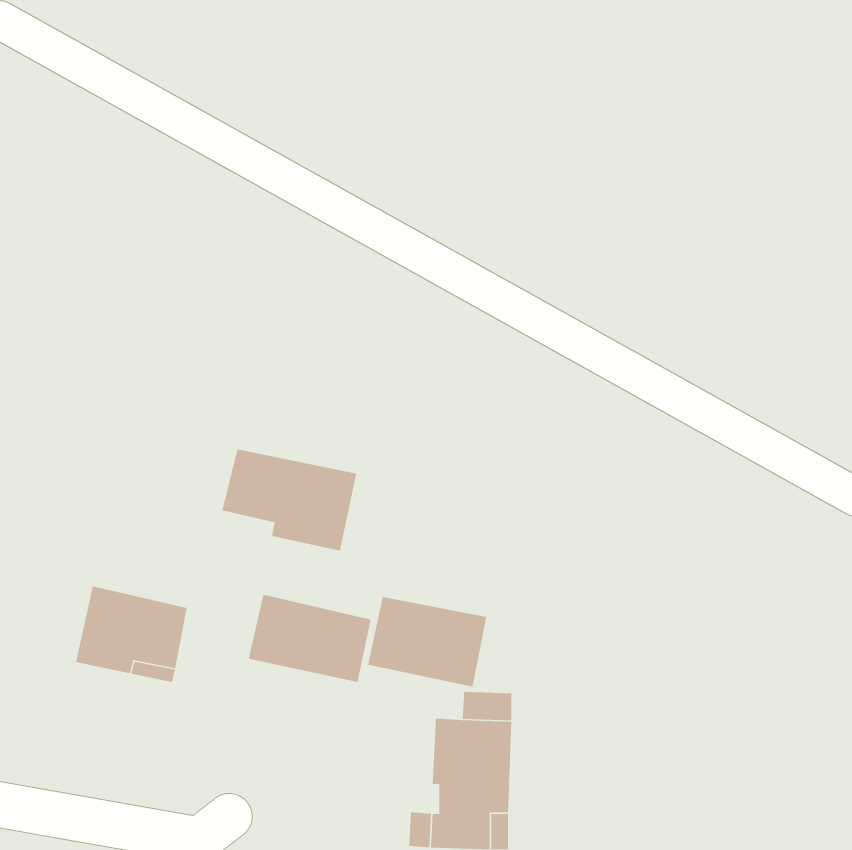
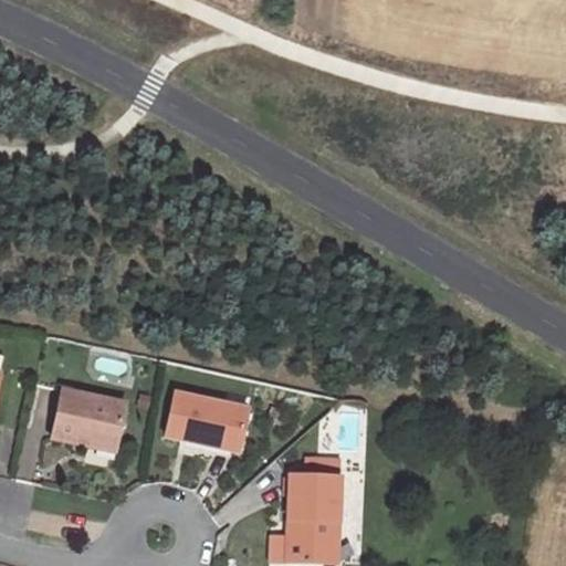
building: [221,449,357,552] -> none
building: [367,596,487,688] -> none

